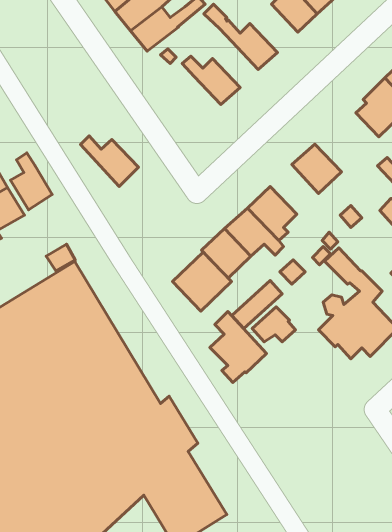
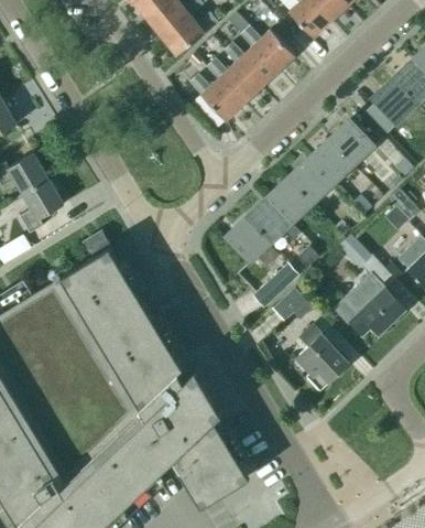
building: none -> [224,43,276,88]
building: none -> [328,120,373,165]
building: [81,136,138,187] -> [189,75,242,121]
building: [11,153,52,210] -> none
building: none -> [287,159,331,204]
building: [172,252,232,311] -> none
building: [210,311,267,383] -> [295,325,347,390]

